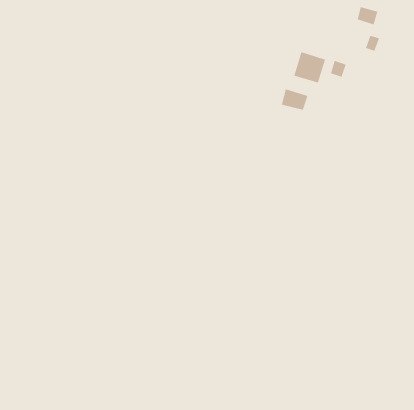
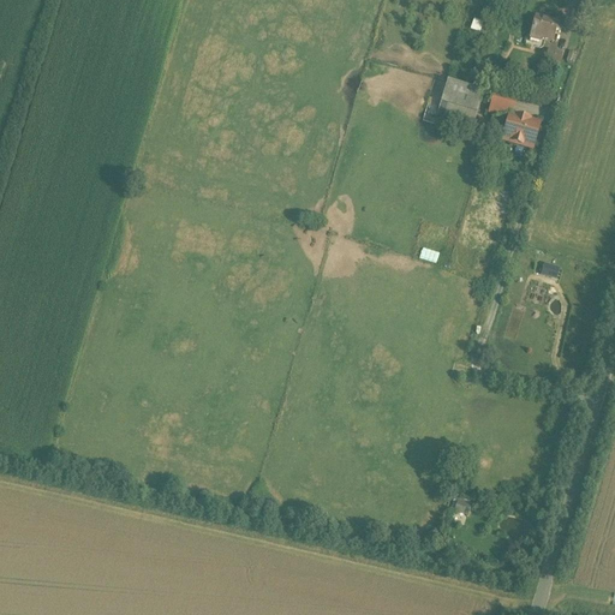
building: none -> [502,109,541,145]
building: [281,89,308,110] -> none

